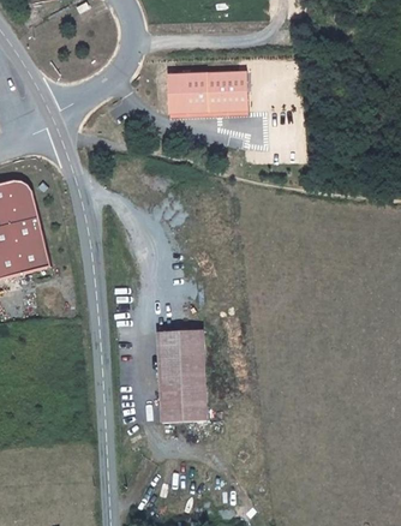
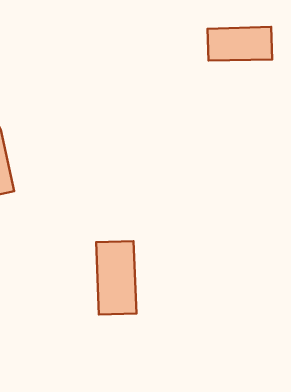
building: [167,70,247,112] -> [208,27,272,61]

